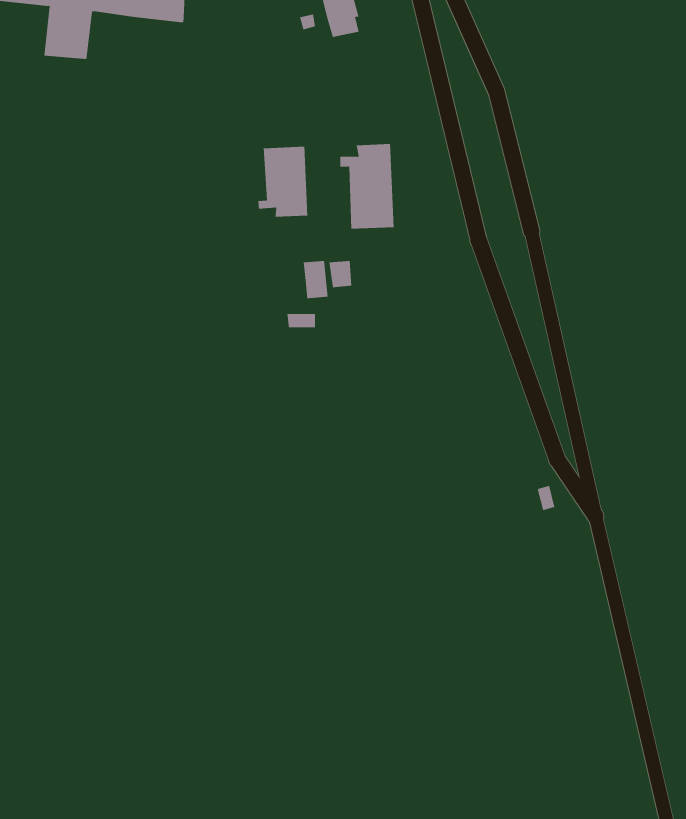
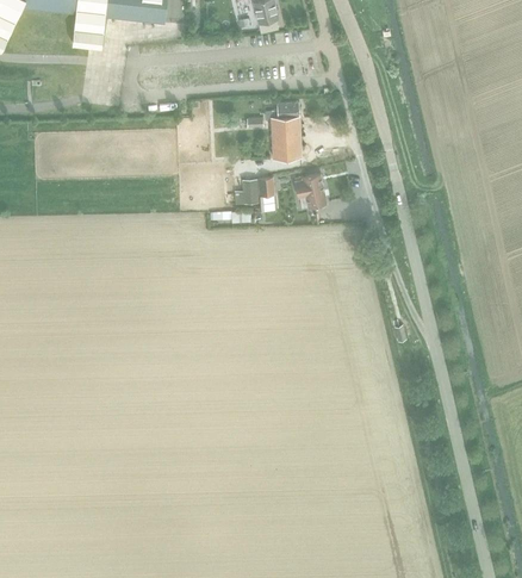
building: [258,146,308,217] -> none
building: none -> [294,173,325,206]

